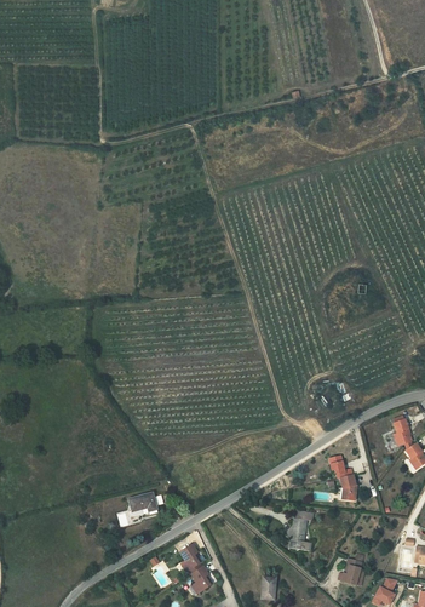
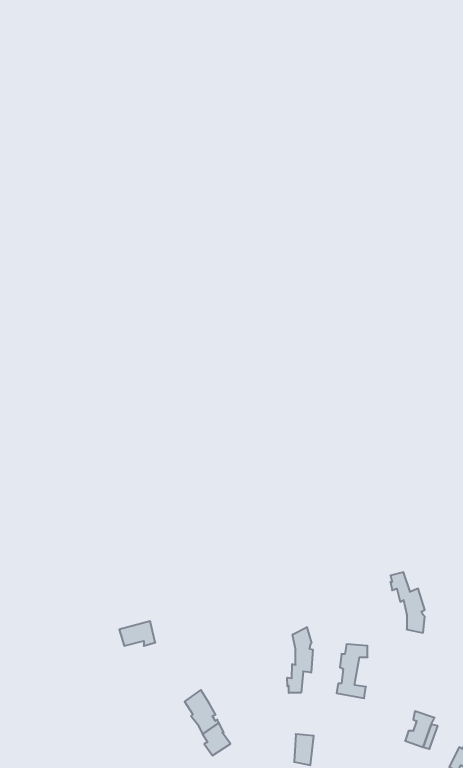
building: none -> [287,627,313,693]

